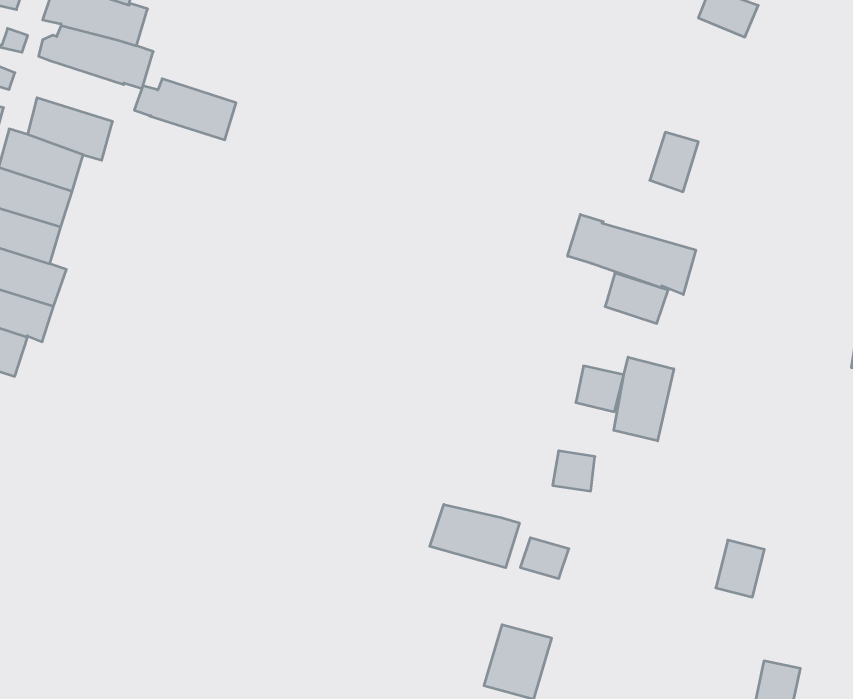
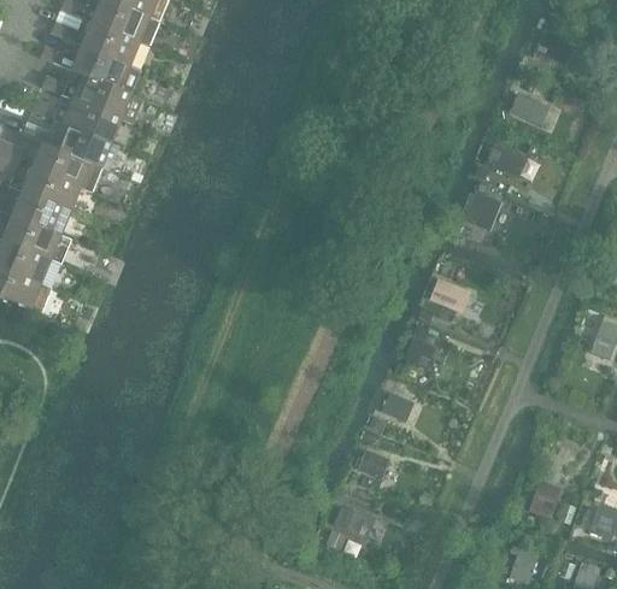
building: none -> [483,143,525,177]
building: [134,79,236,140] -> [51,100,119,145]
building: [568,214,696,295] -> none
building: [614,357,674,441] -> none
building: [430,504,519,568] -> none
building: [716,540,764,597] -> [528,478,563,518]

